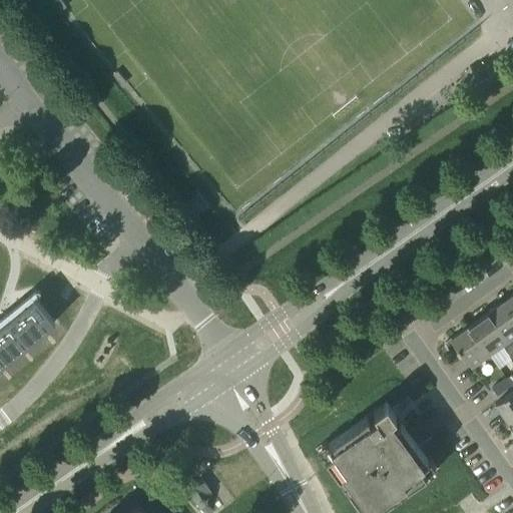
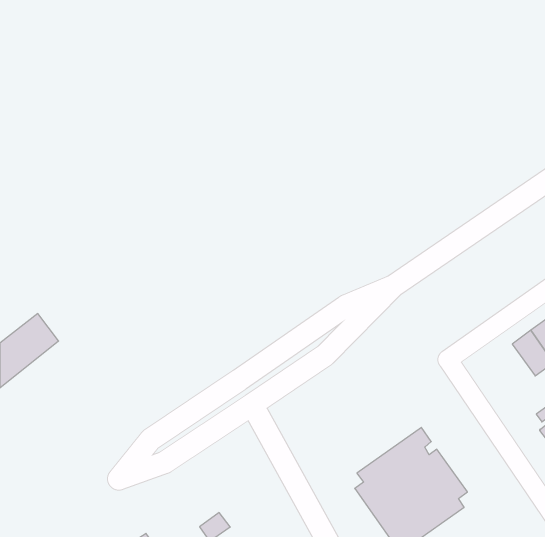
building: [447,329,493,372] -> none

